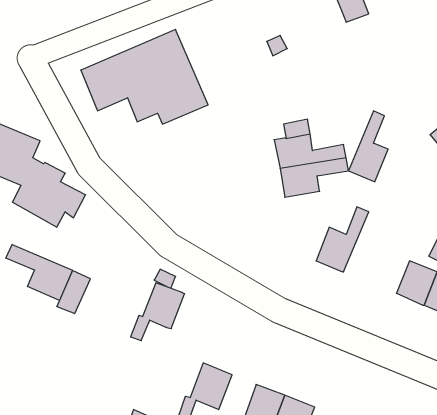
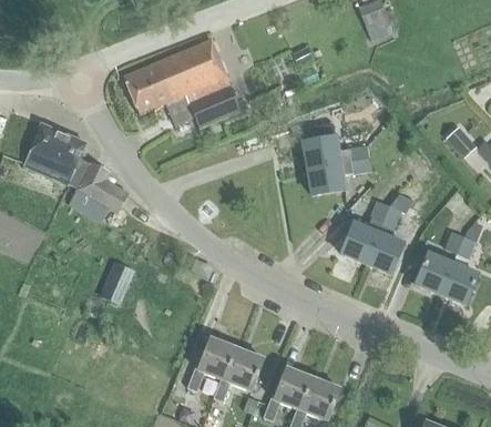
building: [348,111,388,182] -> [366,207,402,273]
building: [6,244,73,301] -> none
building: [131,283,185,341] -> [186,337,236,390]

